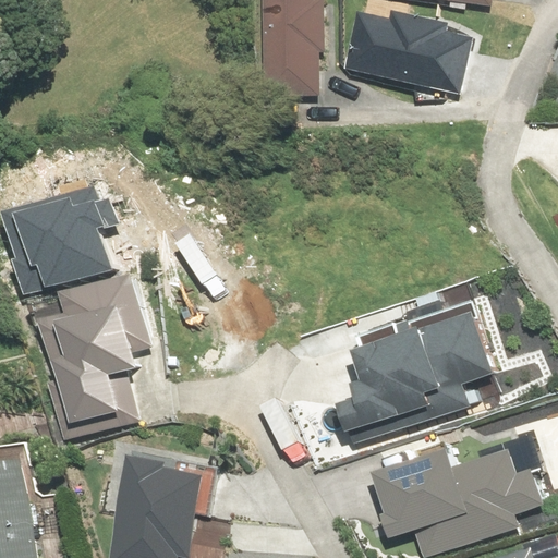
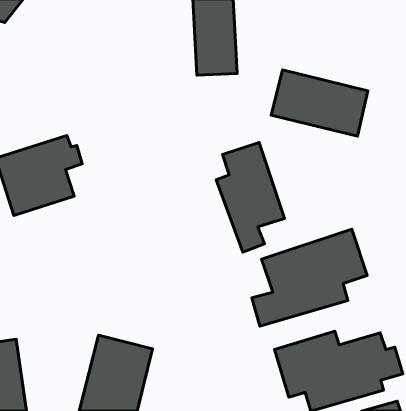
building: [340,7,471,96] -> [271,70,368,136]
building: none -> [216,142,284,252]
building: [36,272,151,436] -> none

